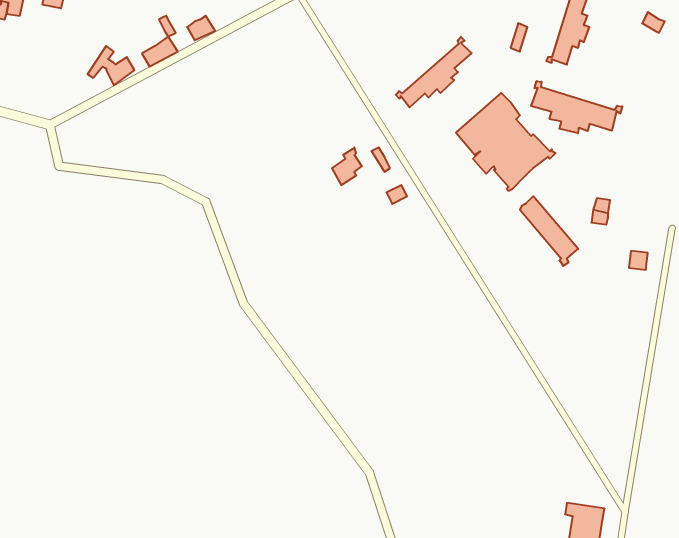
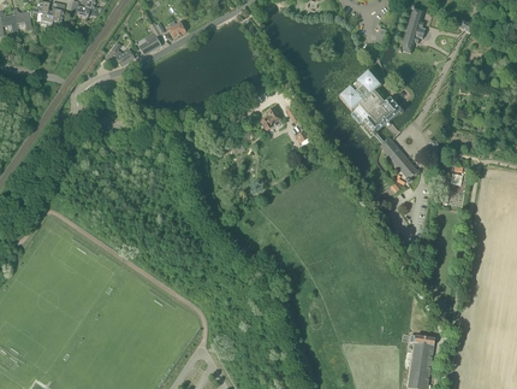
building: [396,37,472,107] -> none
building: [531,81,622,133] -> none

